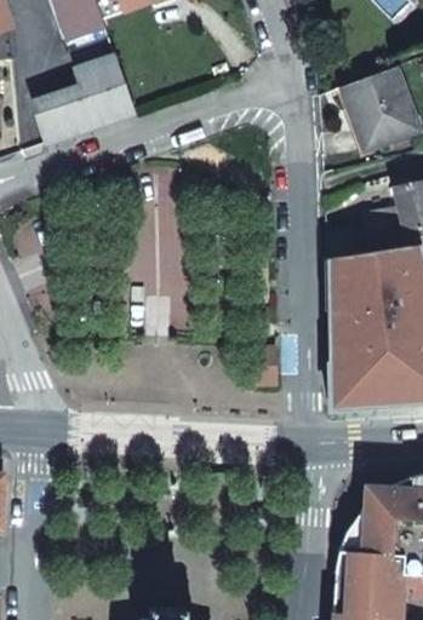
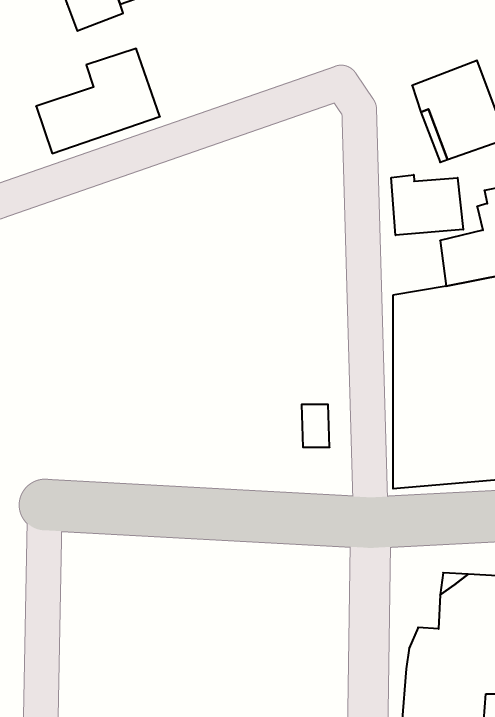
building: none -> [391,175,463,235]

